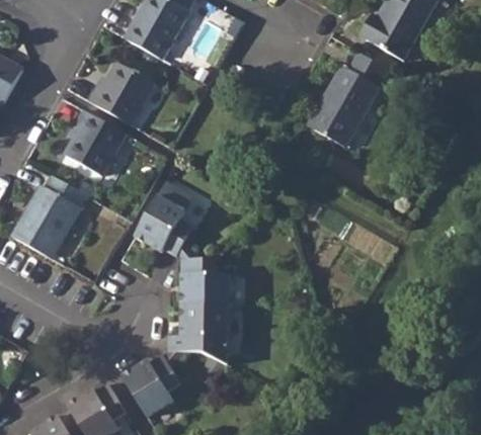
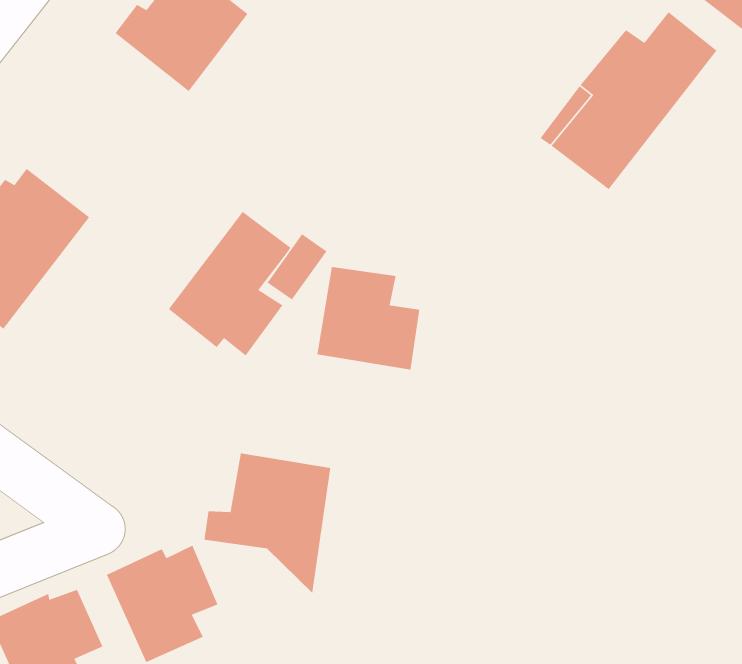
building: [64,110,125,175] -> none
building: [180,259,229,306] -> [317,266,420,370]

